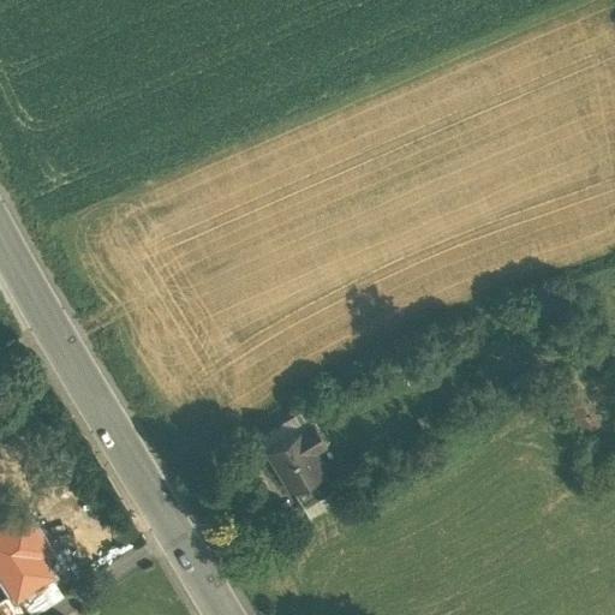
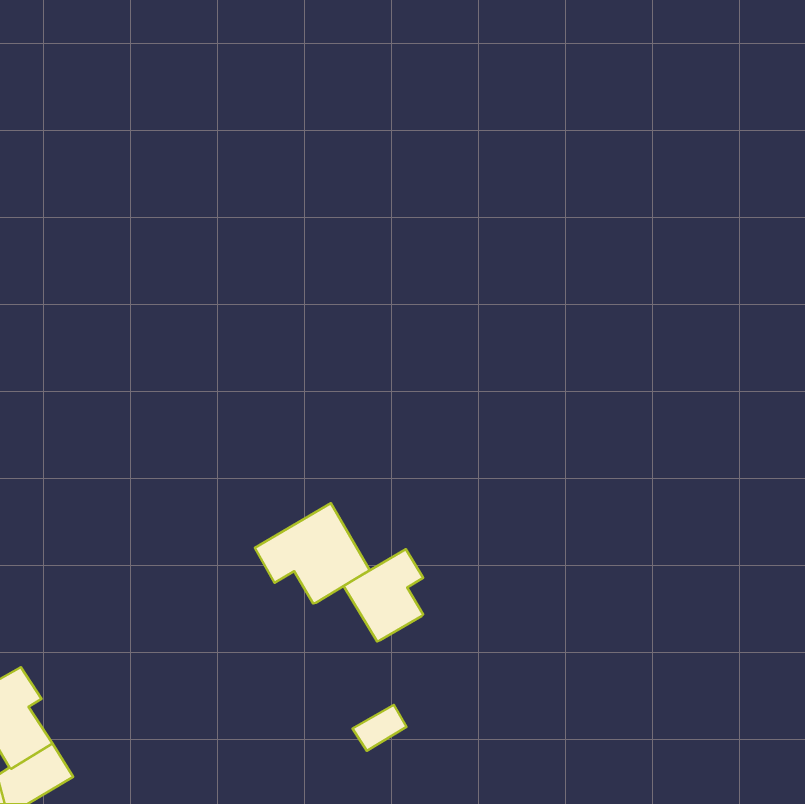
building: none -> [255,503,370,603]
building: [287,465,328,500] -> [352,705,407,751]

